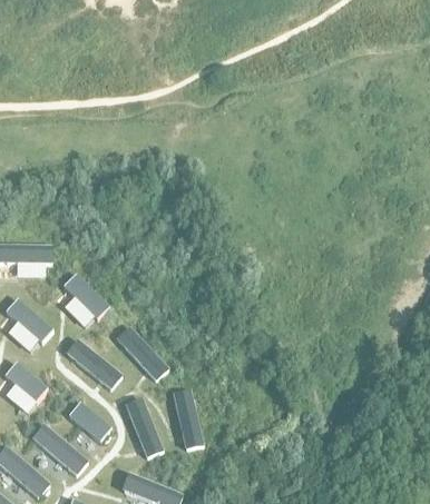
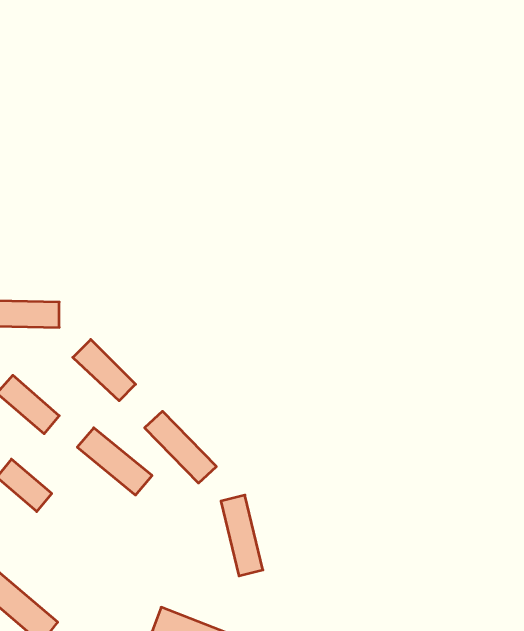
building: [125,397,164,458] -> none
building: [68,402,110,441] -> none
building: [33,423,89,474] -> none

